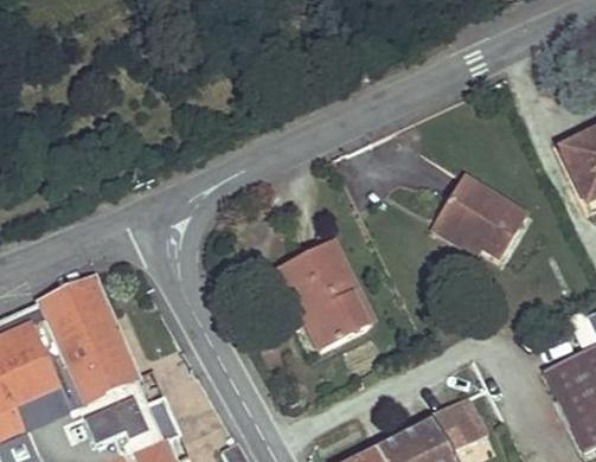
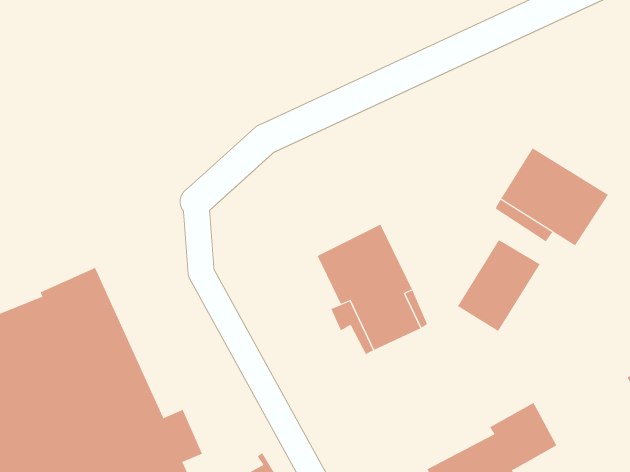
building: none -> [457,239,541,332]

